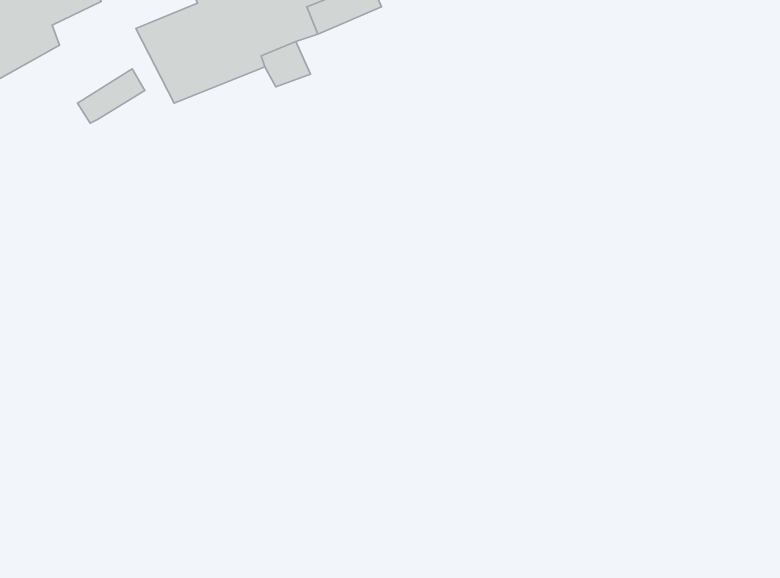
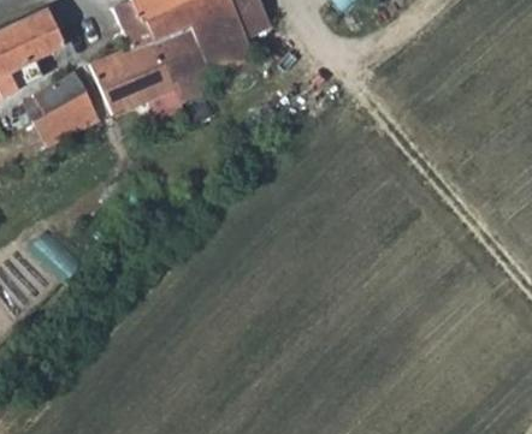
building: none -> [22,71,89,121]

